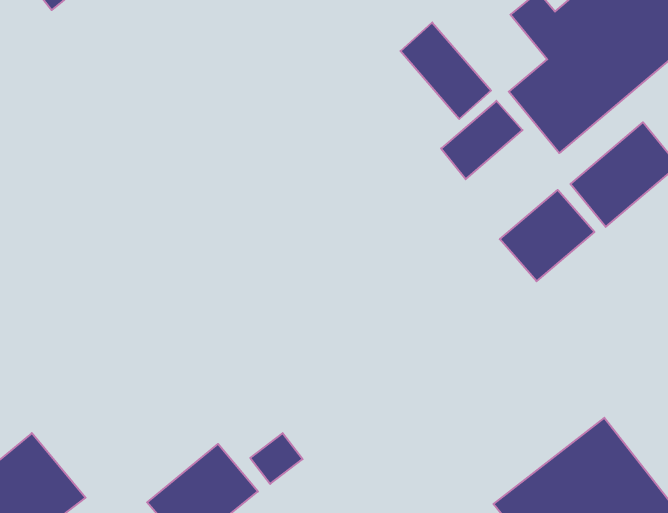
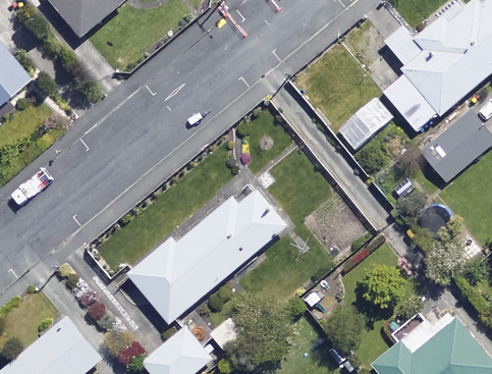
building: [400,22,491,119] -> none
building: [500,190,594,281] -> none
building: none -> [127,181,287,324]

